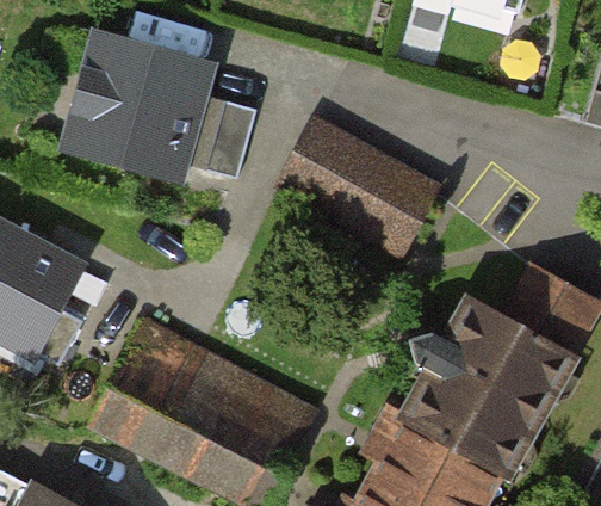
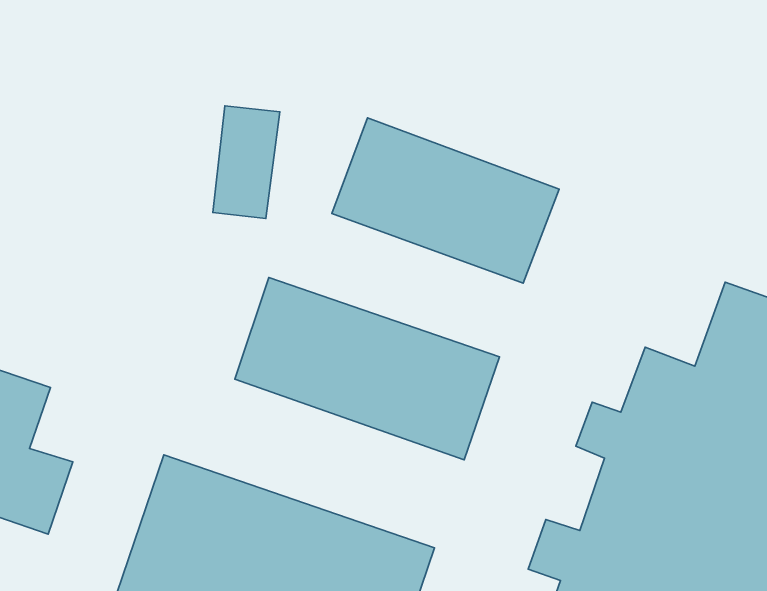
building: [64,33,203,171] -> none
building: none -> [235,277,499,460]

